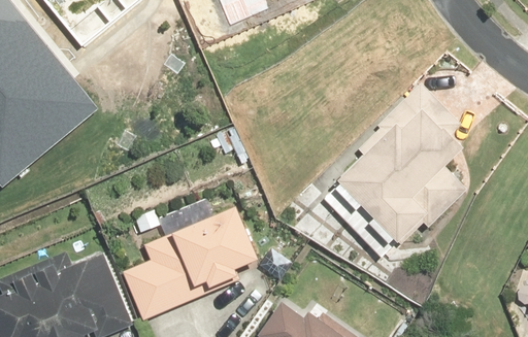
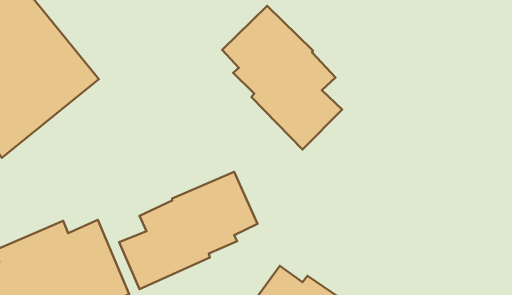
building: none -> [222,6,342,149]
building: [339,85,468,241] -> none

